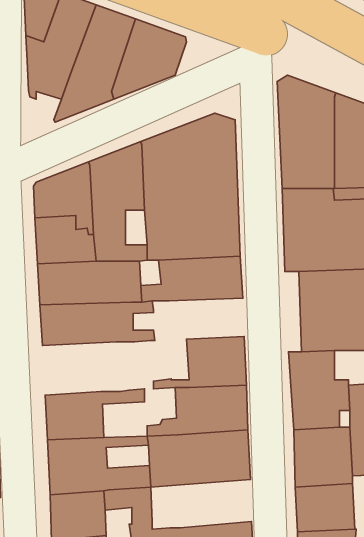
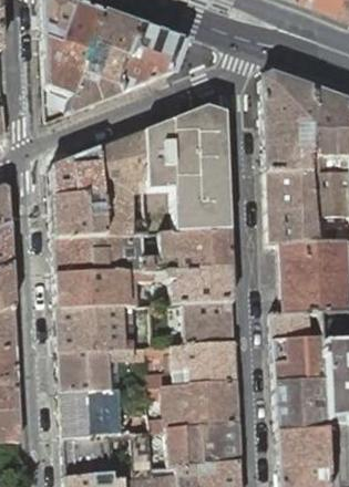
building: none -> [167,267,233,302]
building: none -> [58,304,133,351]
building: none -> [153,424,239,467]

